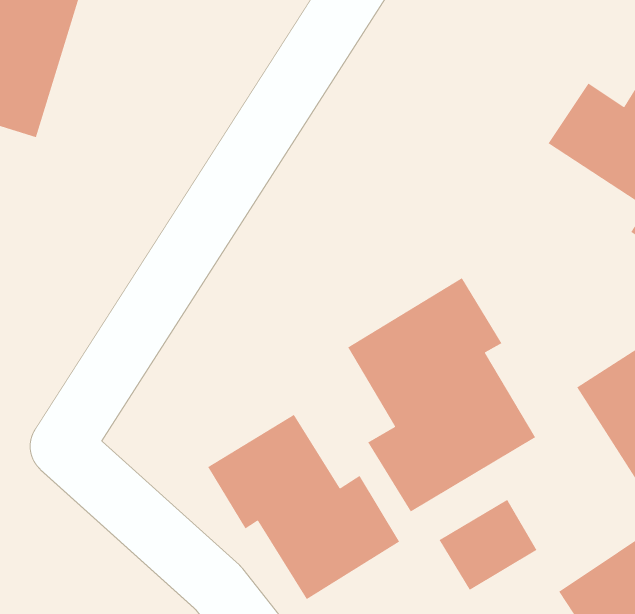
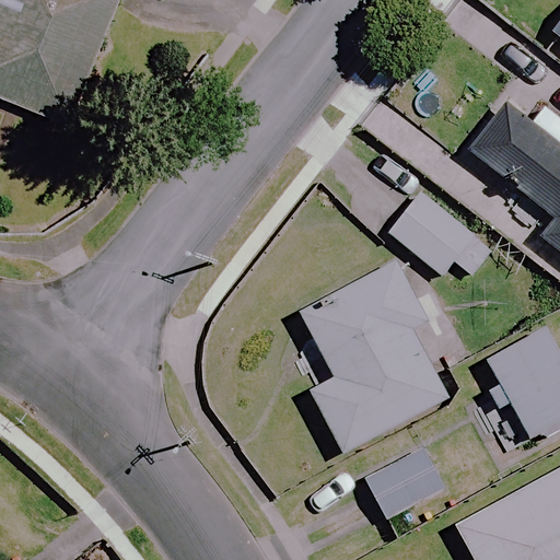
building: none -> [388,192,483,277]
building: [207,414,400,600] -> none

